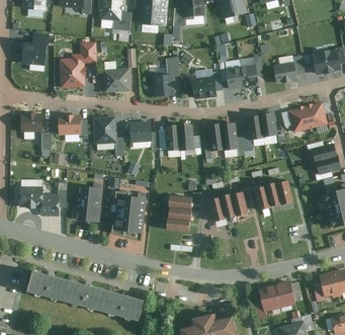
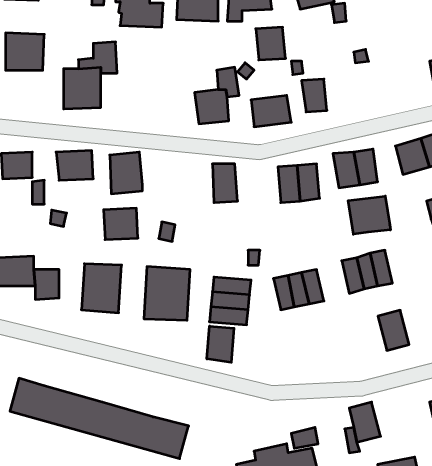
building: [273,59,300,81] -> none
building: [240,64,260,86] -> [256,27,286,60]
building: [103,66,131,90] -> none
building: [130,119,153,141] -> [104,208,138,240]
building: [179,121,195,148] -> none
building: none -> [348,196,390,234]
building: none -> [207,326,234,362]
building: [272,280,293,308] -> [378,310,409,350]

